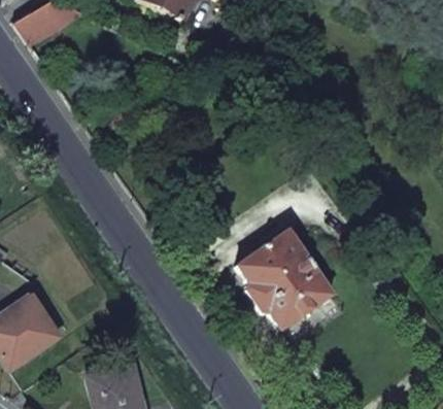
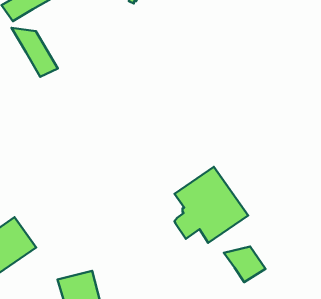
building: none -> [11,28,58,77]
building: none -> [224,246,266,282]

